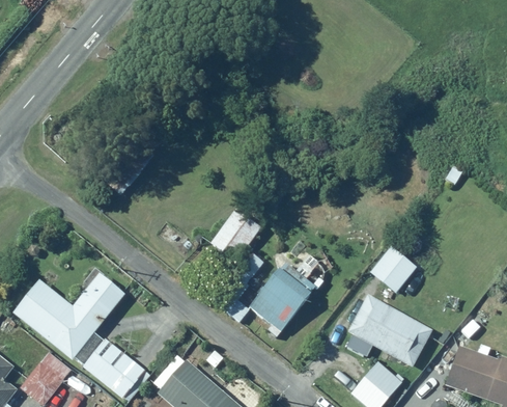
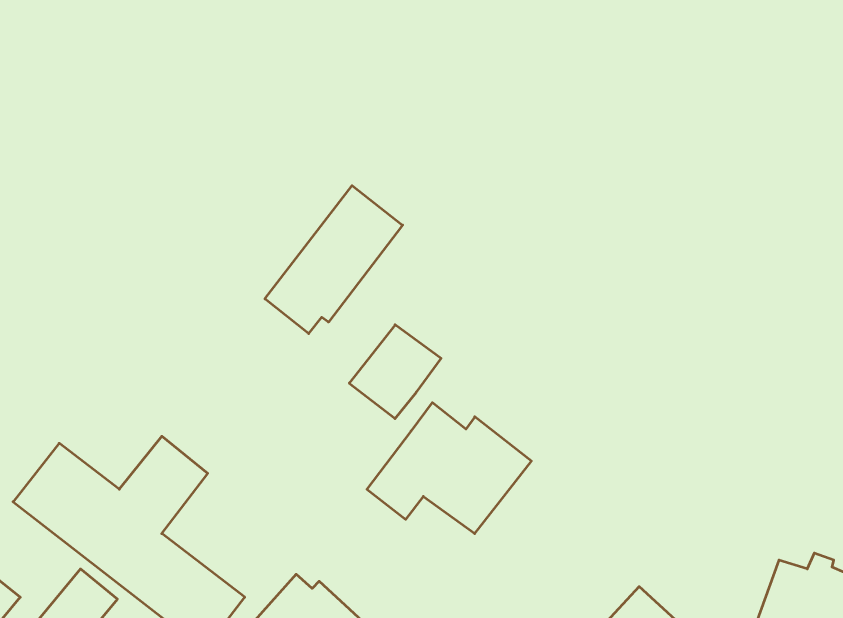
building: none -> [265,186,403,334]
building: [368,246,417,294] -> none
building: [345,295,432,369] -> none

